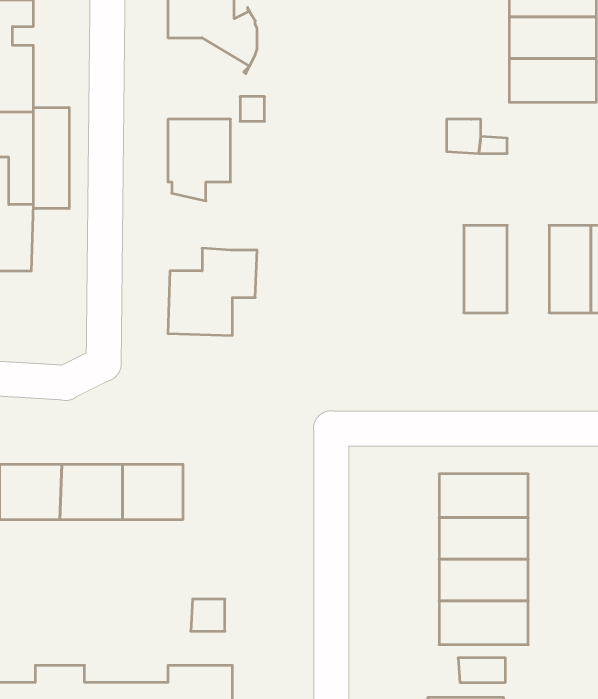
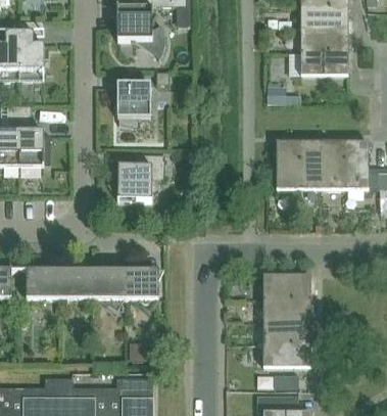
building: [33,107,69,209] -> none
building: none -> [300,141,323,188]
building: none -> [126,270,159,299]

